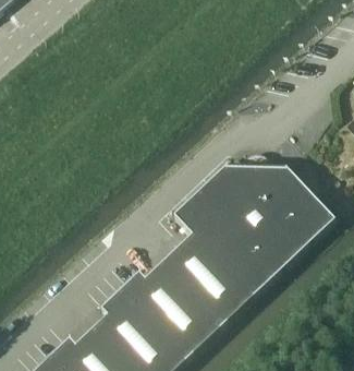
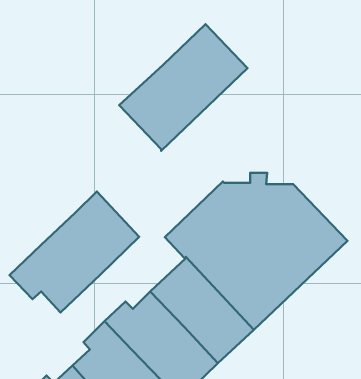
building: none -> [119,24,247,151]
building: none -> [9,192,139,312]

